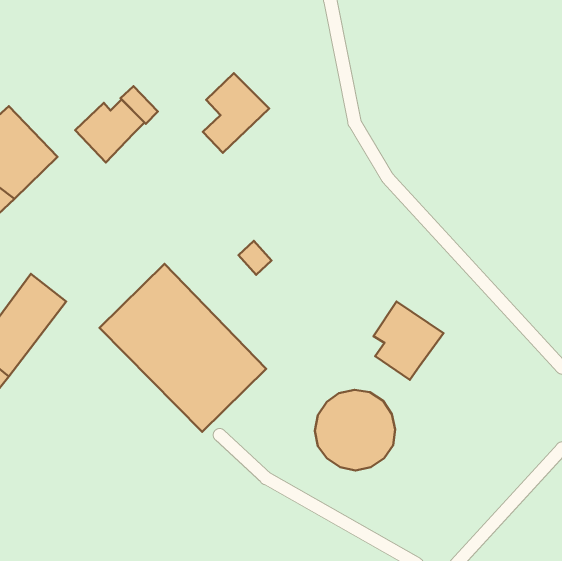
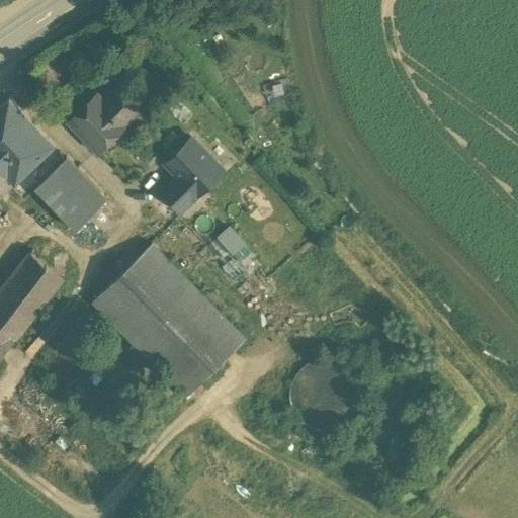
building: [203,73,269,153] -> [162,140,223,212]
building: none -> [33,159,106,232]
building: [374,302,444,380] -> none

